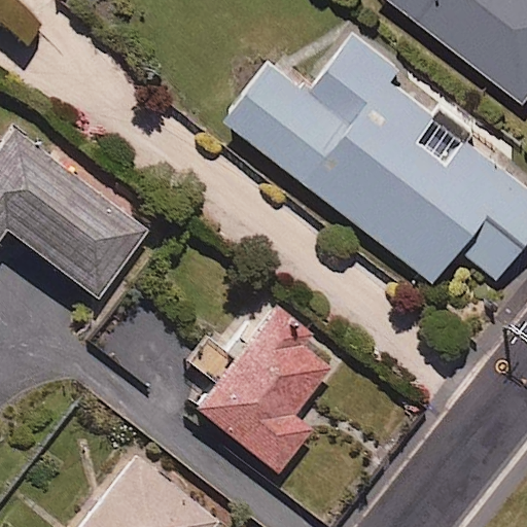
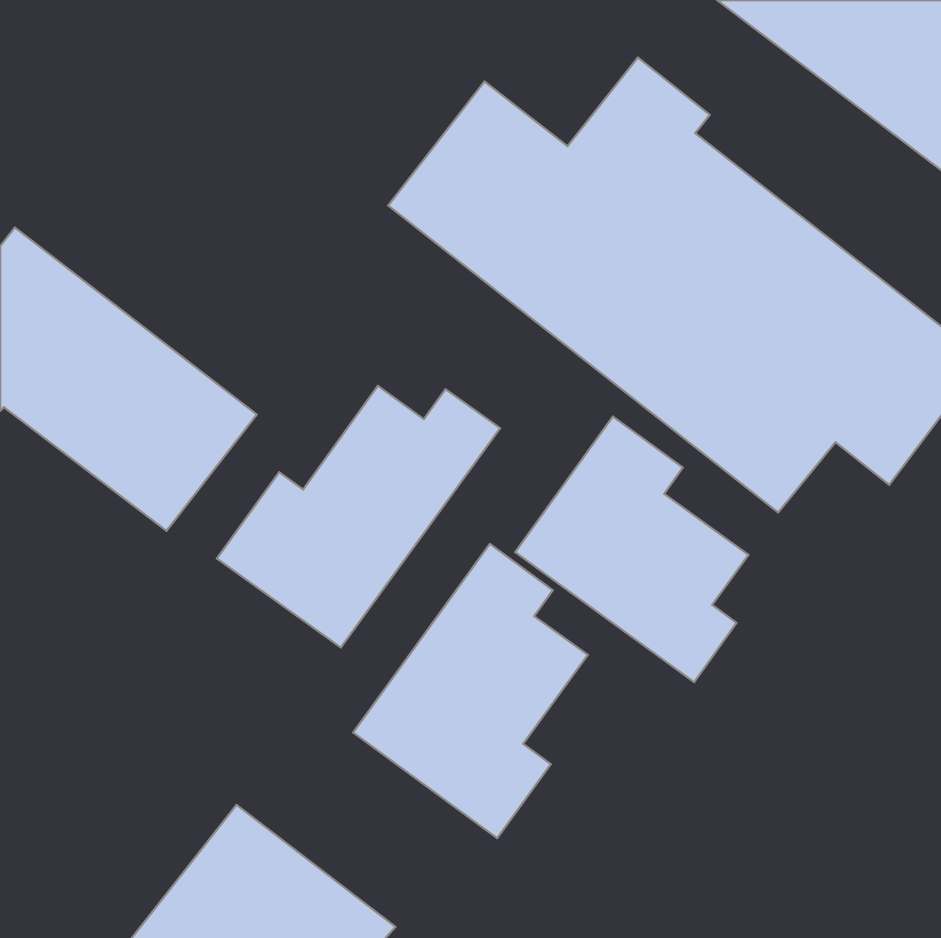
building: none -> [217,386,500,648]
building: none -> [515,417,749,682]

